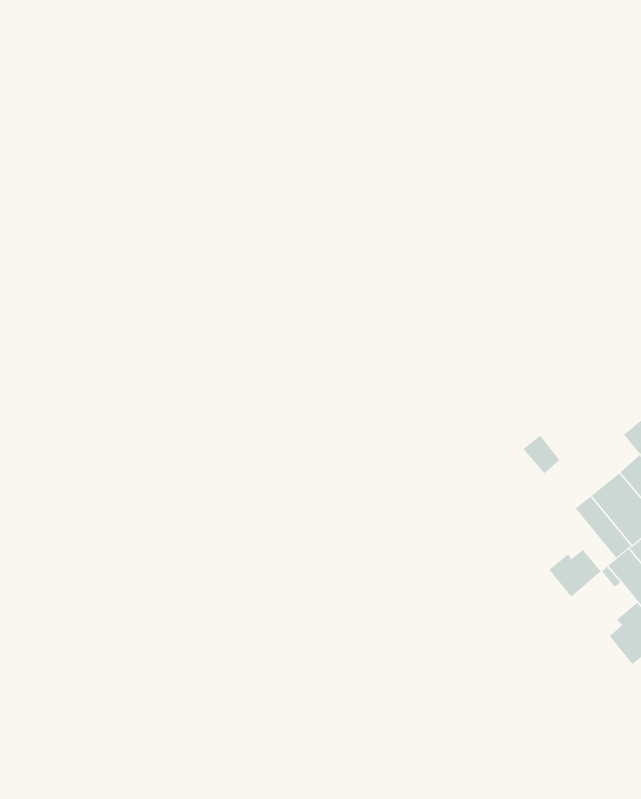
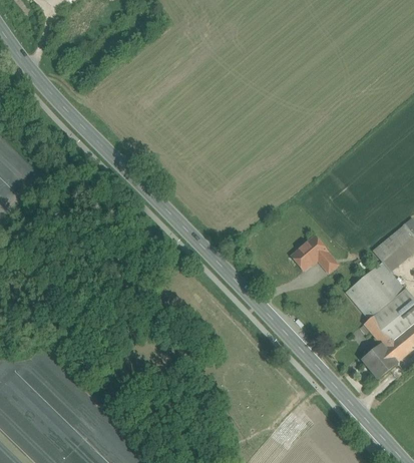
building: none -> [292,236,327,269]
building: [549,549,602,597] -> none

